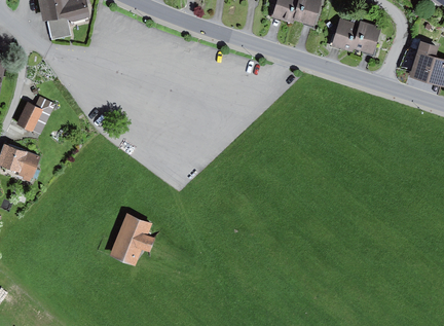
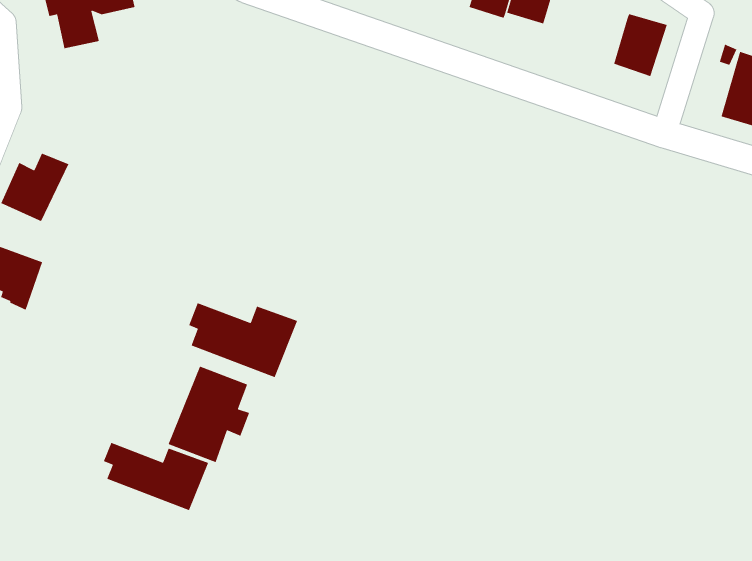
building: [331,17,359,52] -> none
building: none -> [188,302,298,378]
building: none -> [103,442,209,511]

